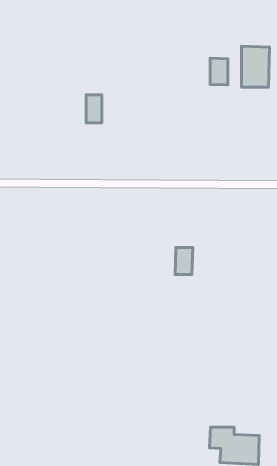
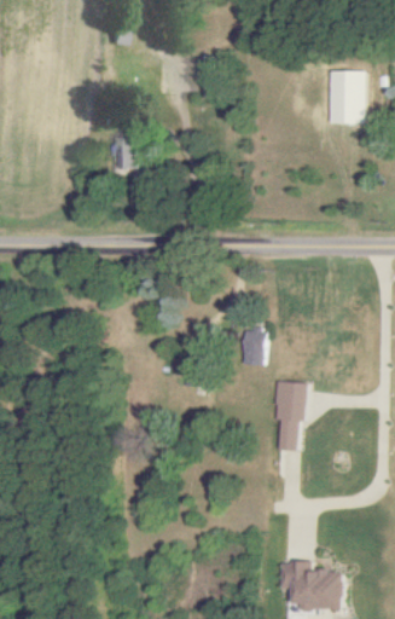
building: [210,58,228,85] -> none
building: none -> [272,380,304,450]

